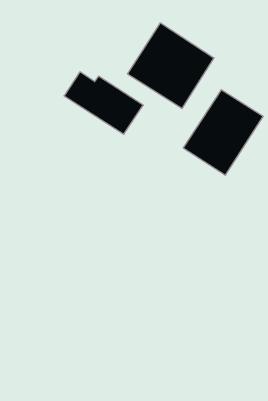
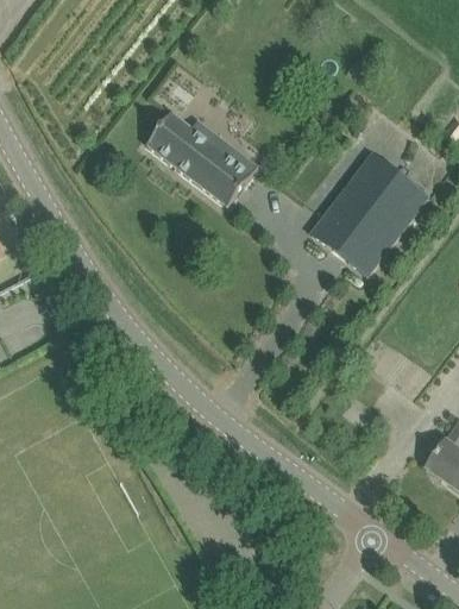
building: [128,23,214,109] -> none

